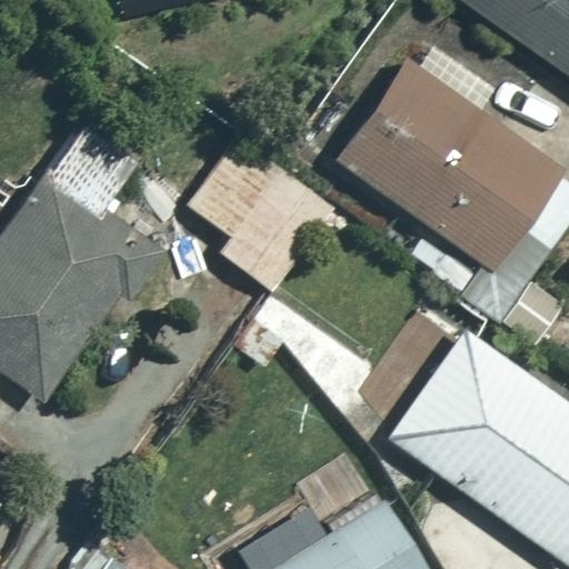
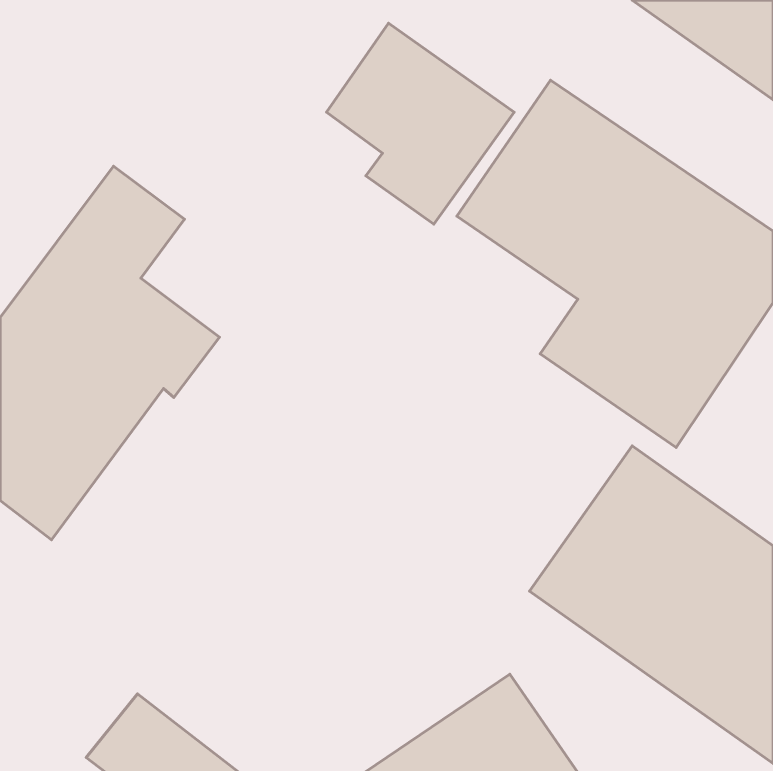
building: [190,138,328,286] -> [326,23,514,224]

